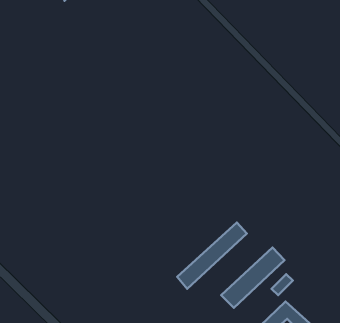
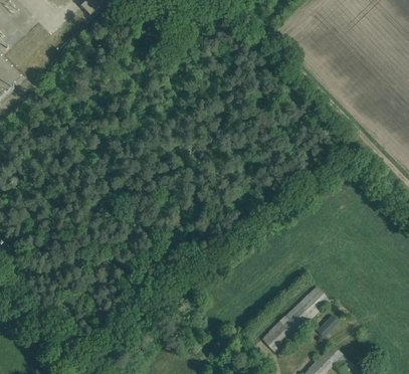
building: [177,222,247,289] -> none

